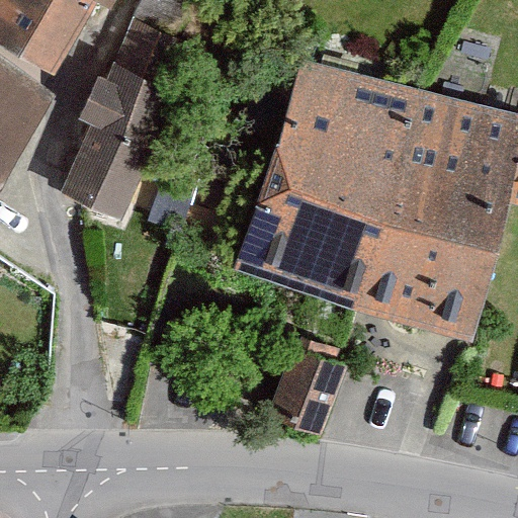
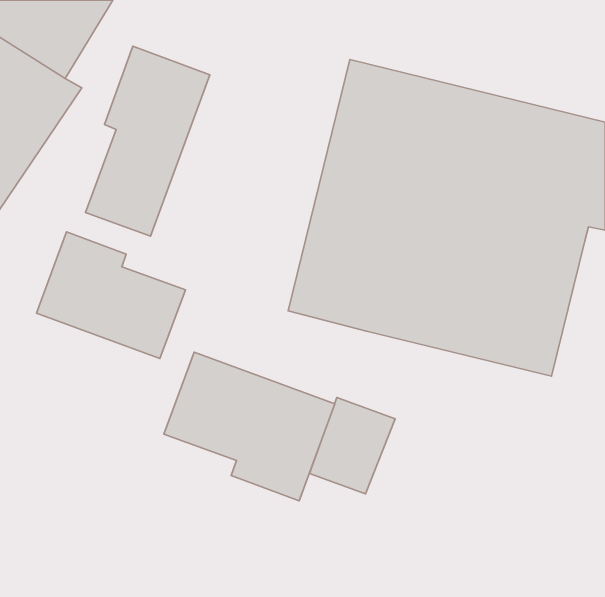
building: none -> [37,232,185,358]
building: none -> [164,352,335,501]

